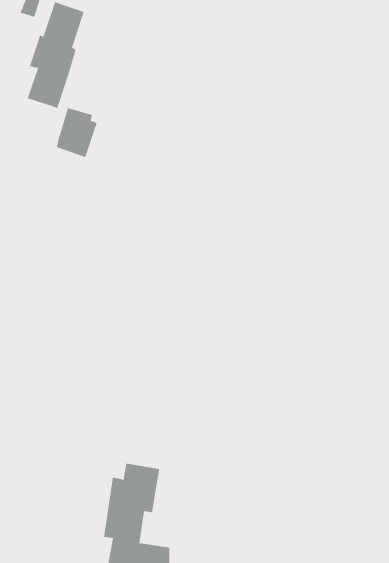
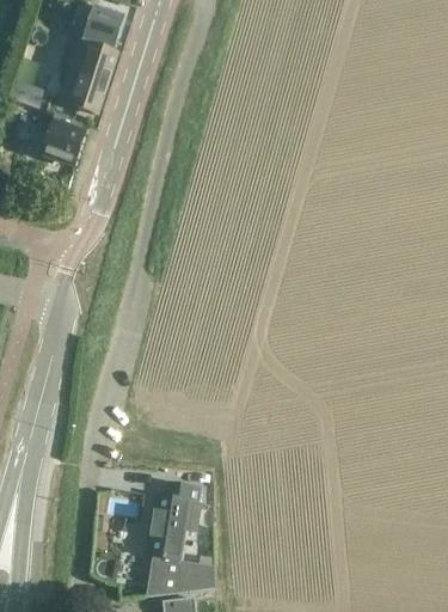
building: [56,108,97,158] -> [42,114,85,165]

